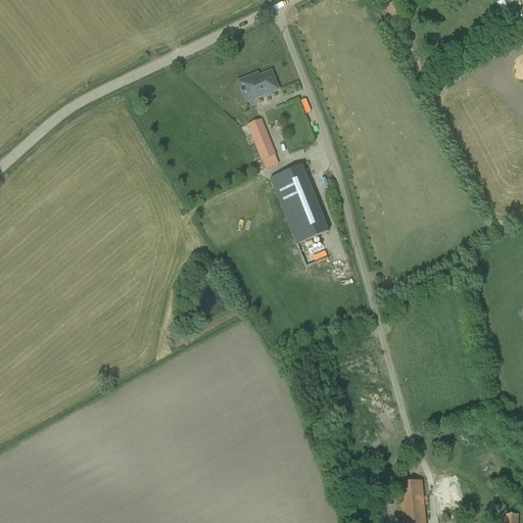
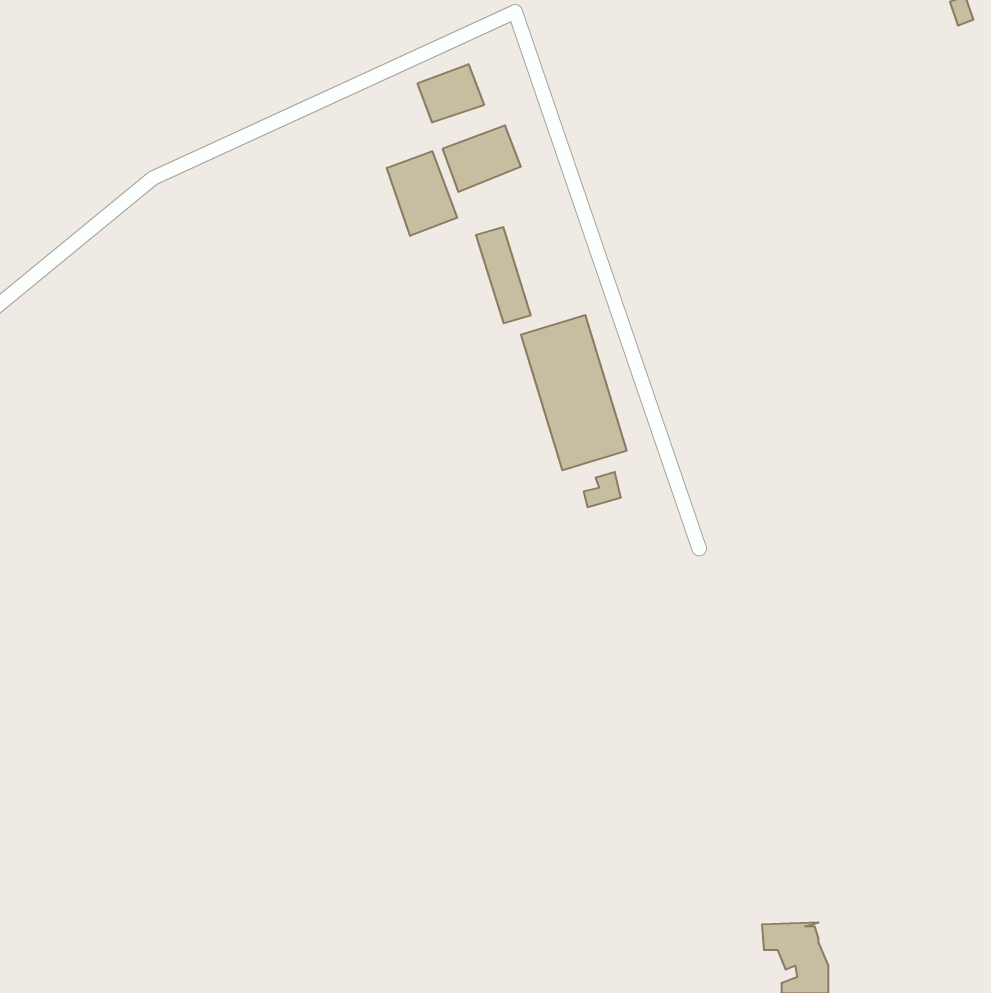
building: none -> [418,64,484,123]
building: none -> [387,151,457,236]

